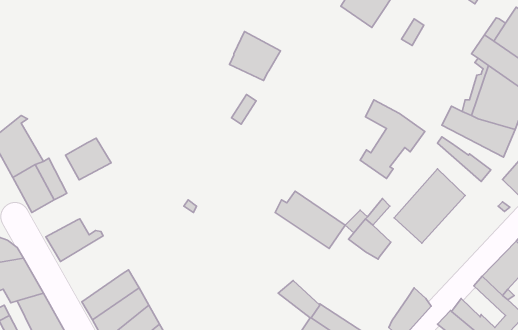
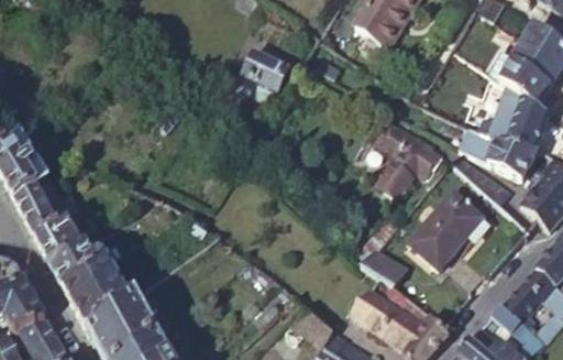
building: [65,138,111,180] -> [35,218,82,261]
building: [275,191,345,249] -> [352,288,424,348]
building: none -> [65,260,130,328]

